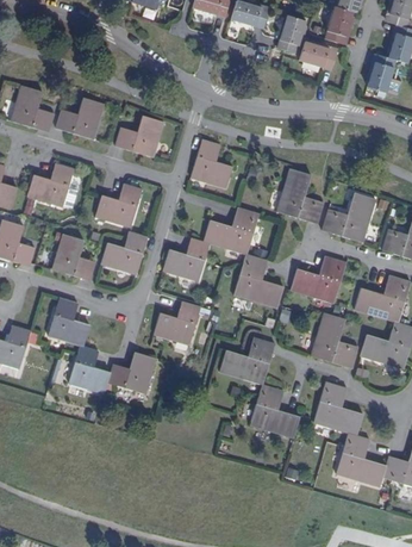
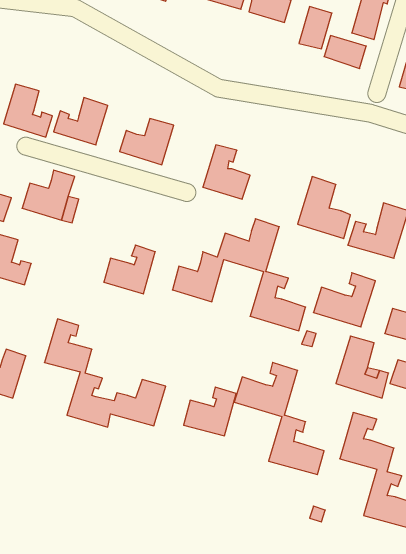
building: [95,182,143,228] -> none
building: [45,232,95,280] -> none
building: [154,300,201,344] -> [184,387,236,436]

